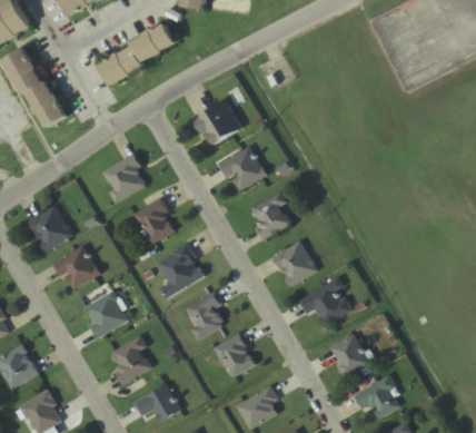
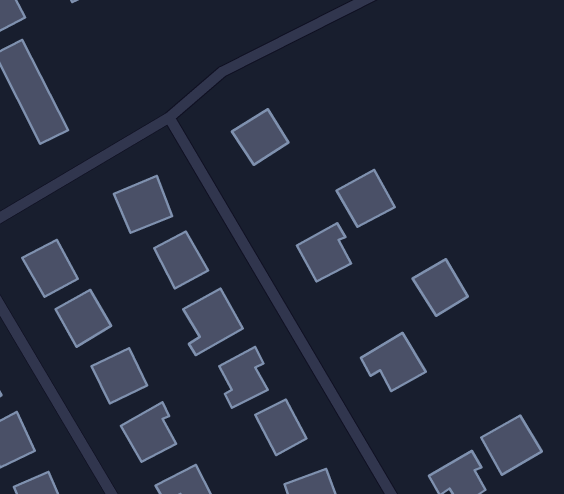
building: [98,23,178,81] -> none
building: [219,146,266,191] -> [337,170,395,227]
building: [272,239,317,285] -> [413,259,468,316]
building: [329,333,370,376] -> none
building: none -> [481,415,542,475]

